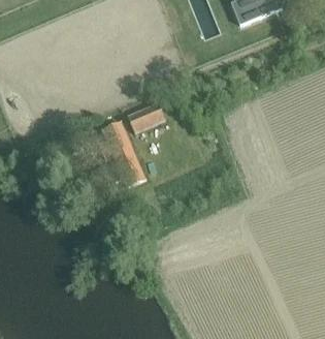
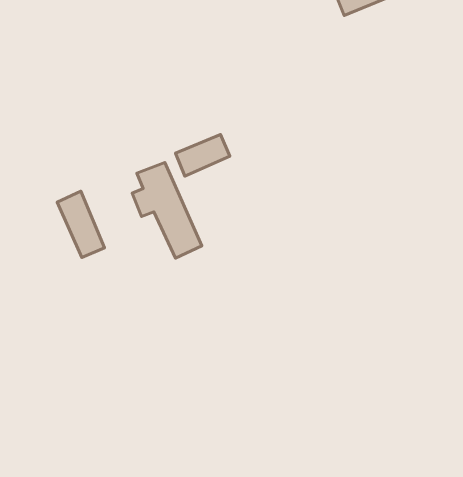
building: none -> [57,191,104,258]

